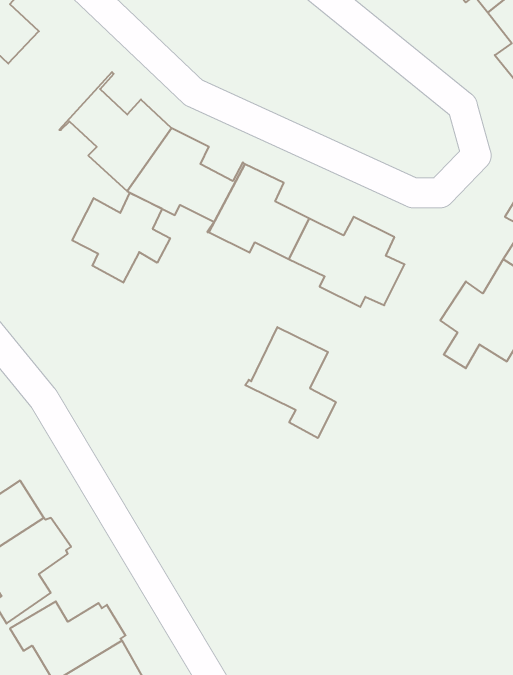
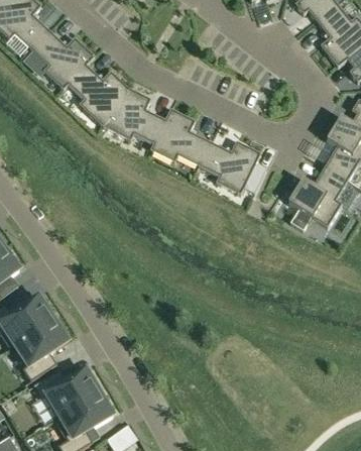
building: none -> [31,30,93,89]
building: [72,193,170,283] -> none
building: [245,327,336,438] -> none

